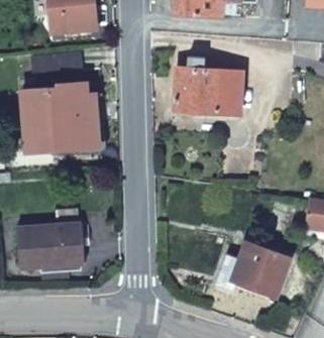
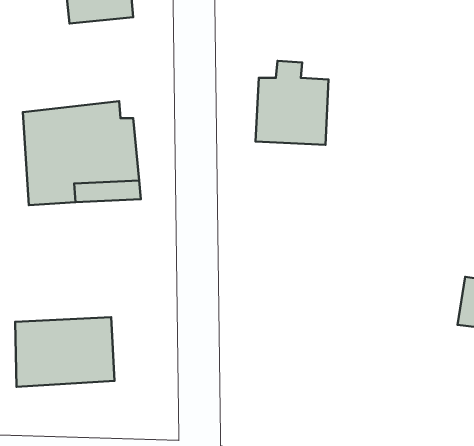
building: [221,67,243,110] -> none
building: [217,241,290,294] -> none

